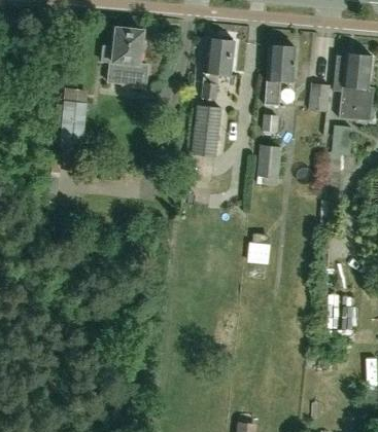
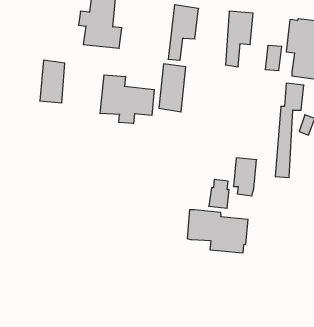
building: none -> [100,75,154,124]
building: [256,143,282,185] -> [233,158,257,196]
building: none -> [188,210,248,253]

